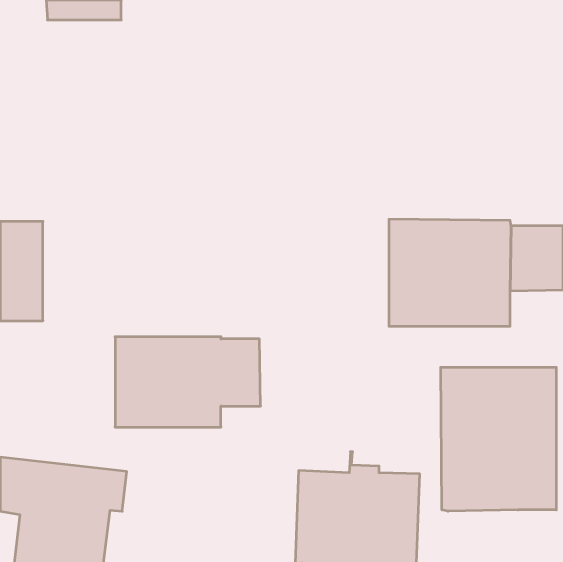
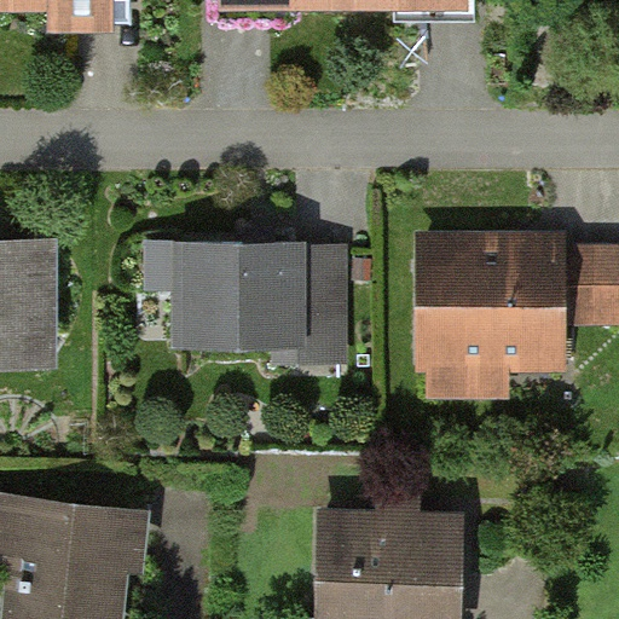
building: [115,337,261,427] -> [184,243,343,342]
building: [441,367,556,511] -> none

